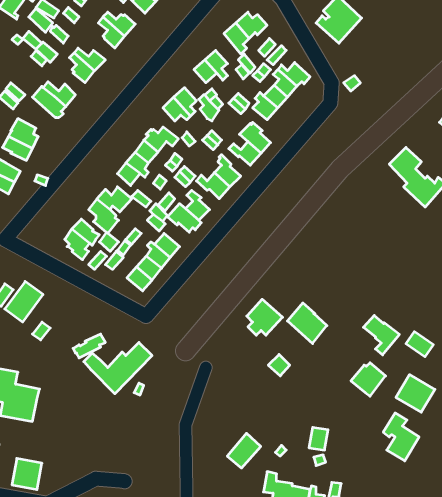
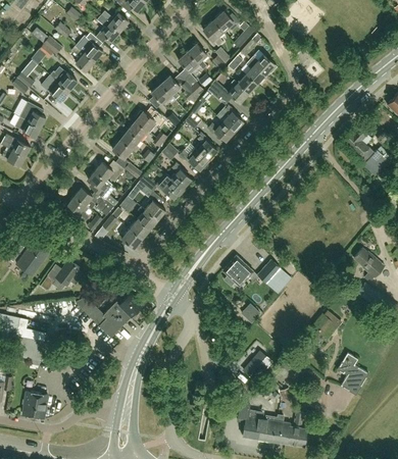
building: none -> [56,260,84,286]
building: [363,315,399,355] -> [353,249,384,283]
building: [396,375,435,412] -> none
building: [227,433,261,468] -> [243,351,271,380]

